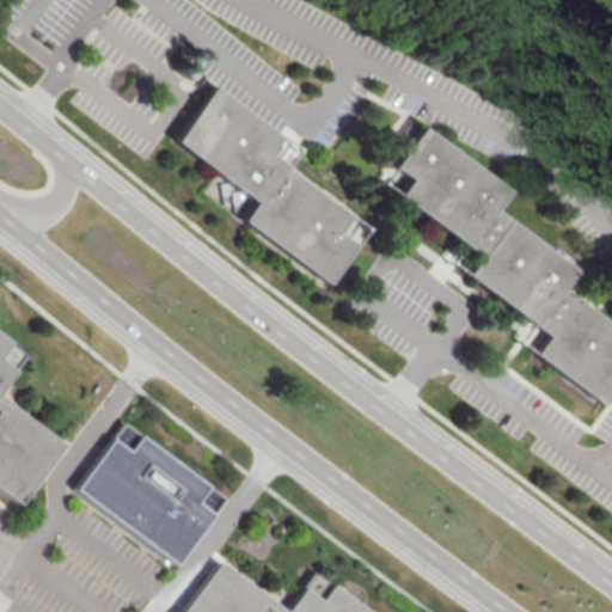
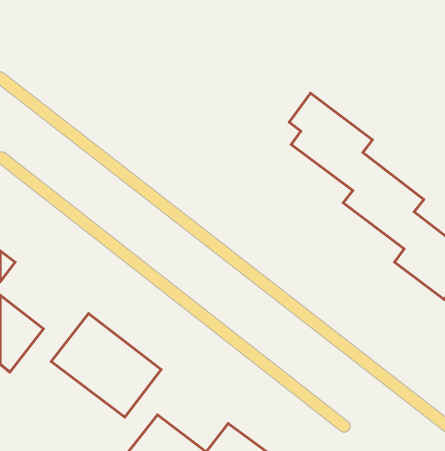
building: [180,88,363,287] -> none

